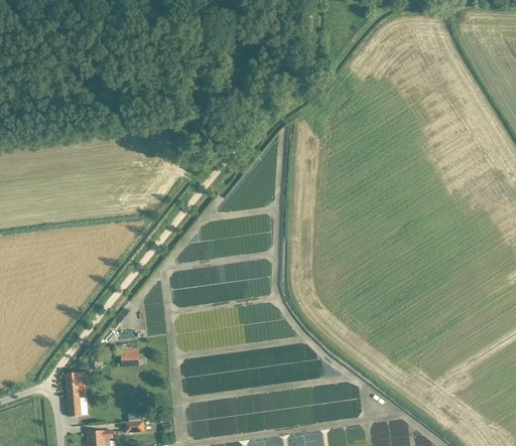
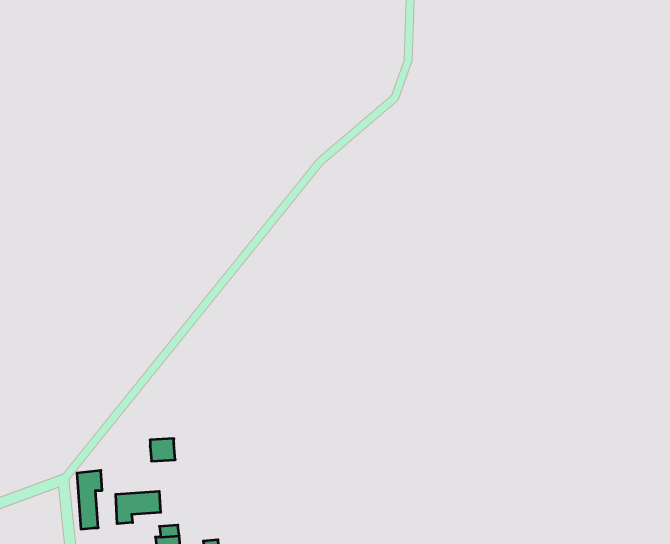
building: none -> [116,491,161,524]

